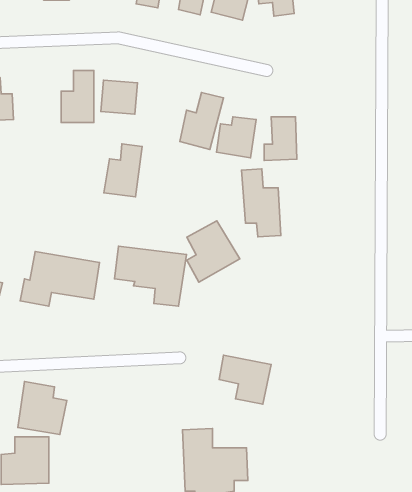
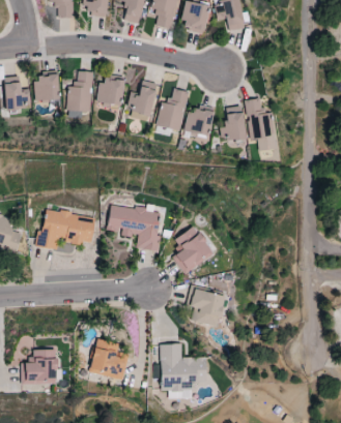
building: none -> [33,75,60,101]
building: [104,144,142,197] -> [127,81,157,121]
building: [241,169,281,237] -> [246,98,276,150]
building: [187,221,240,282] -> [173,226,214,273]
building: [18,381,67,434] -> [91,339,129,380]

